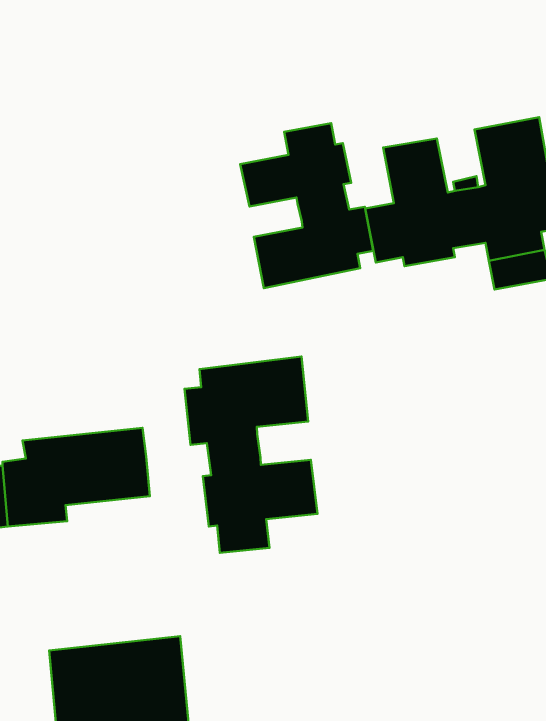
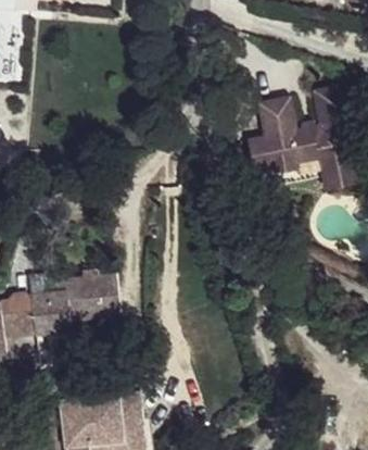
building: [240,123,373,288] -> none
building: [185,357,318,553] -> none

